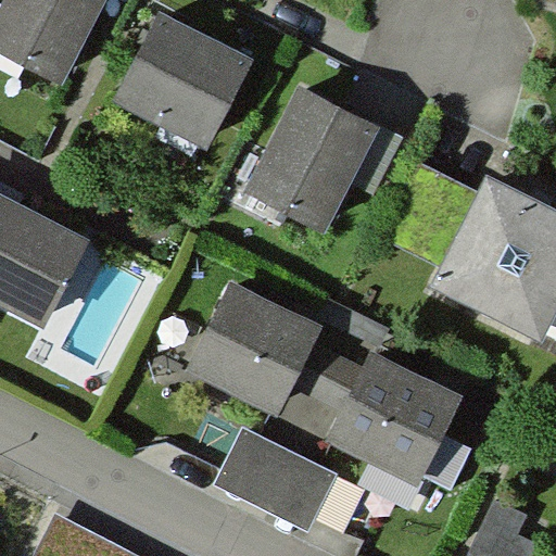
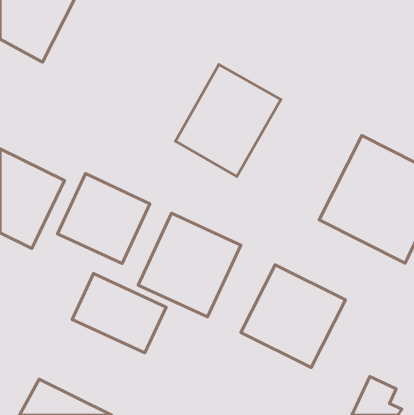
building: [113,16,248,148] -> none
building: none -> [58,174,150,263]
building: [214,425,339,530] -> [72,274,166,353]

